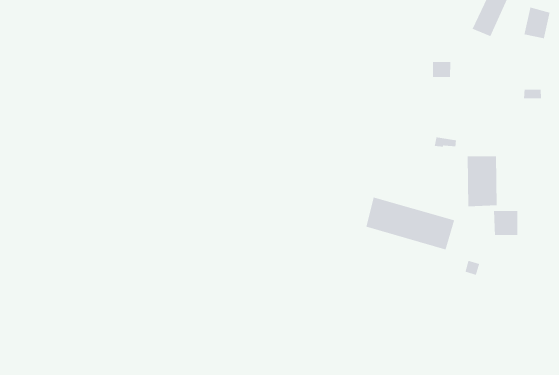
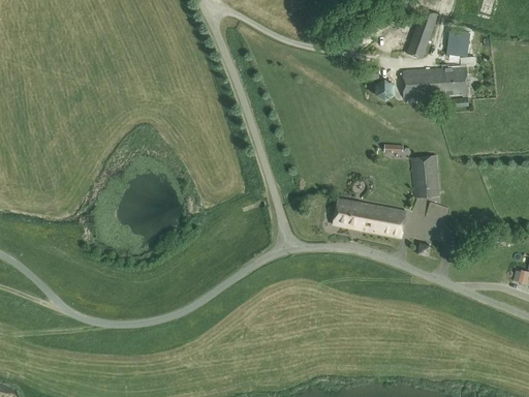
building: none -> [403,67,468,97]
building: [493,210,518,236] -> none

